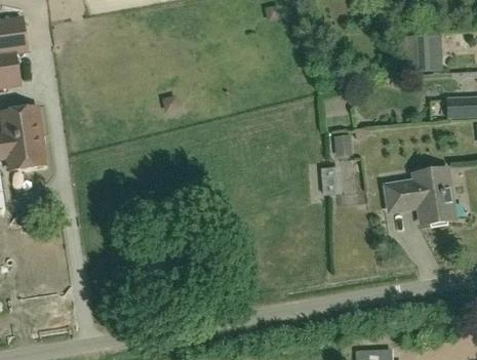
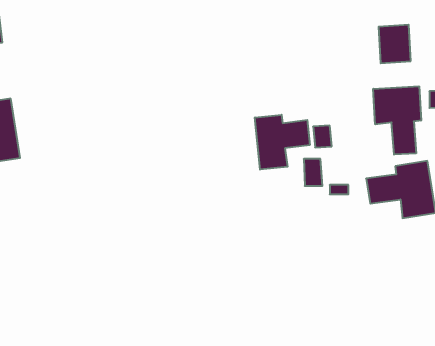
building: none -> [373,86,421,155]
building: none -> [255,115,310,170]

